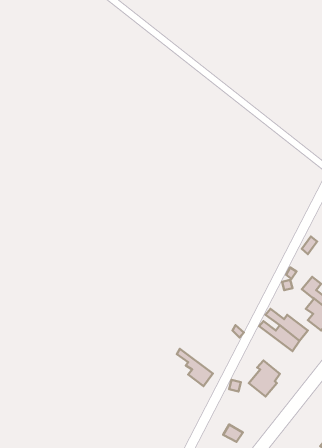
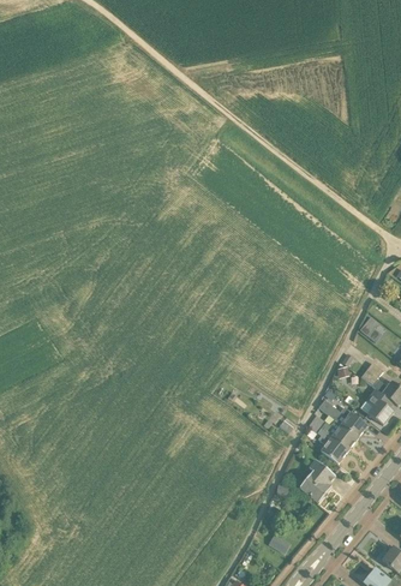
building: [177,349,213,386] -> [307,419,349,462]

